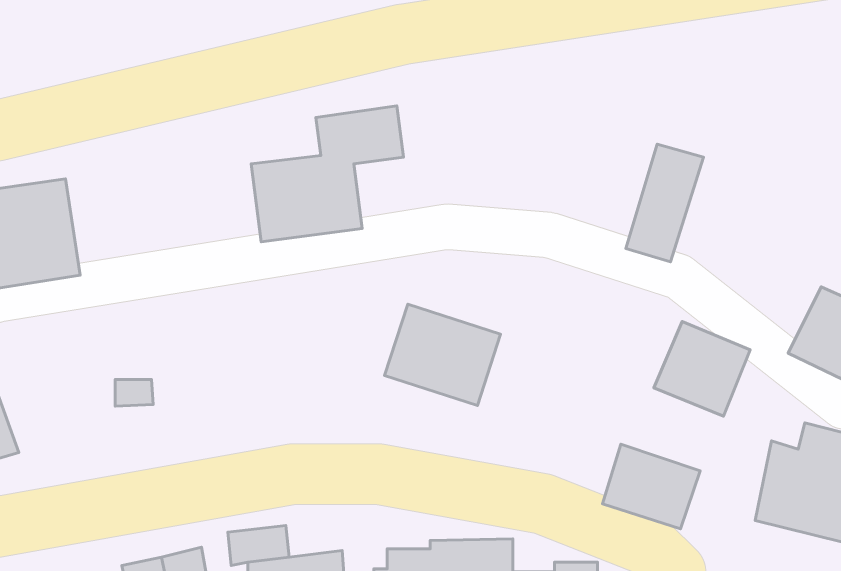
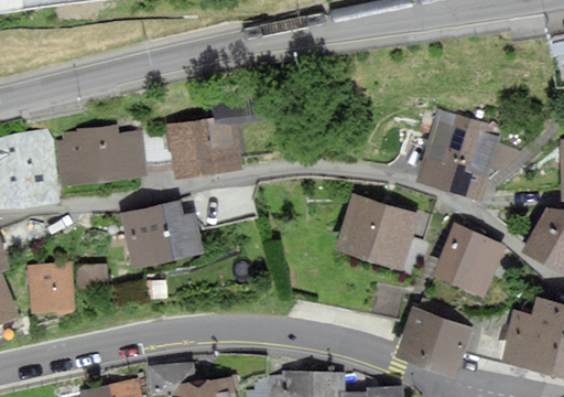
building: none -> [447,119,518,197]
building: none -> [61,128,150,185]
building: none -> [123,202,199,264]
building: [385,304,501,405] -> [339,196,416,264]
building: none -> [30,264,73,309]

